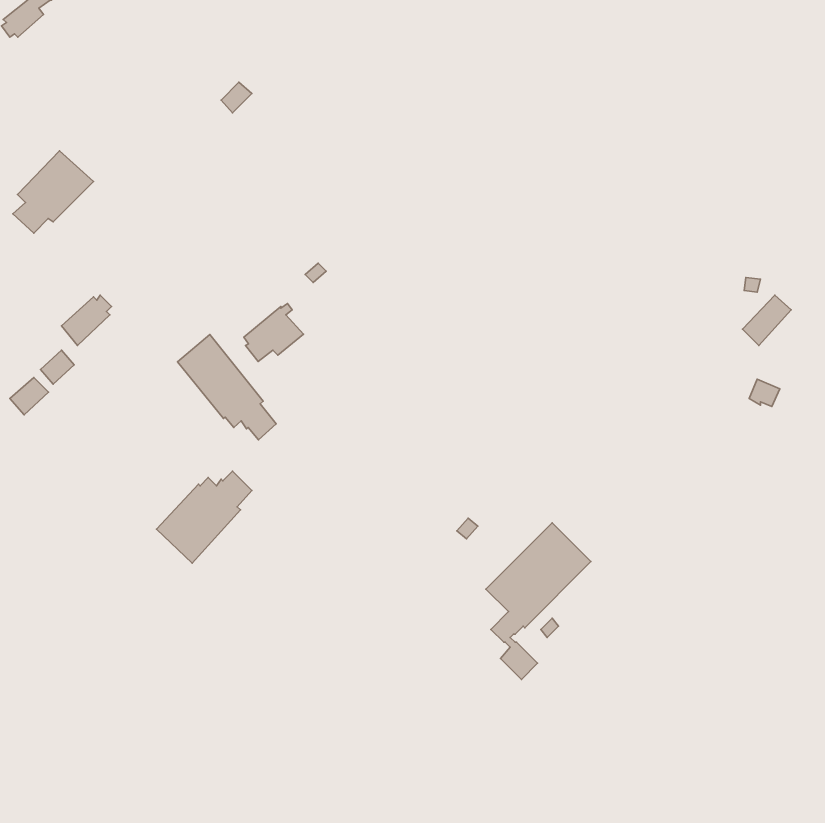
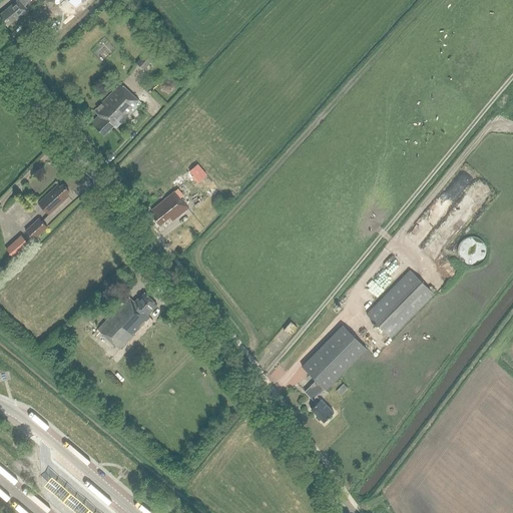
building: [13,151,93,233] -> [91,83,141,134]
building: [178,335,276,440] -> none
building: none -> [367,270,434,338]

